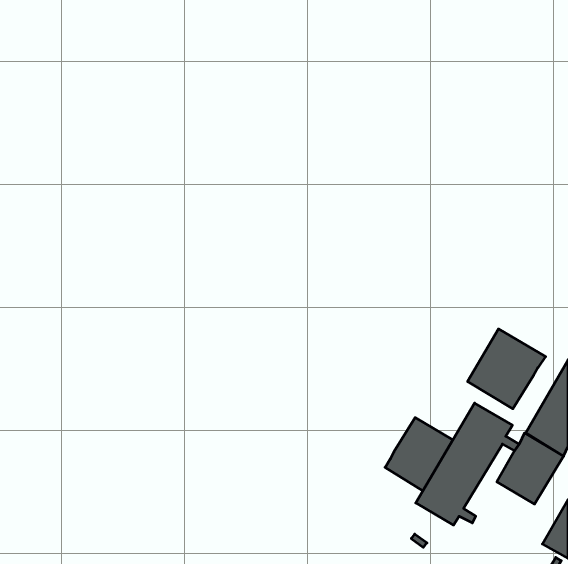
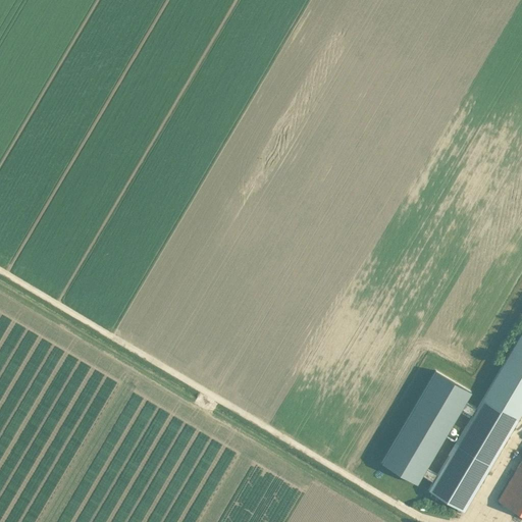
building: [468,329,546,409] -> none
building: [385,418,453,491] -> [428,446,490,513]

